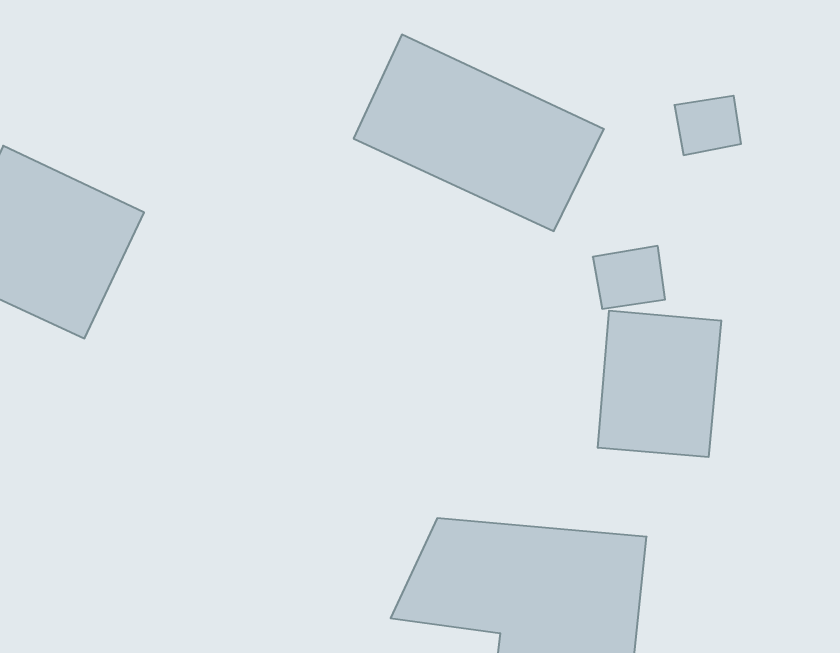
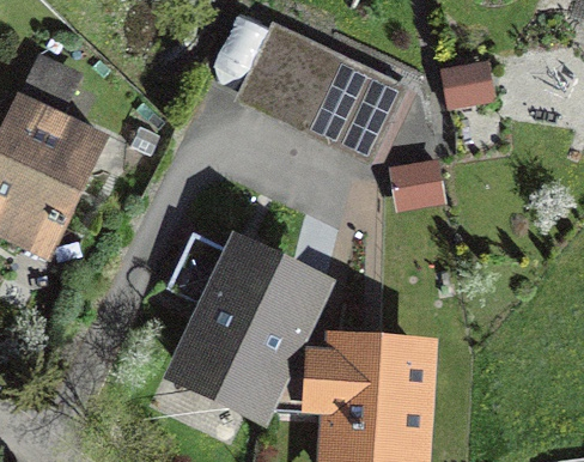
building: [598,311,721,457] -> none
building: none -> [170,236,322,405]

